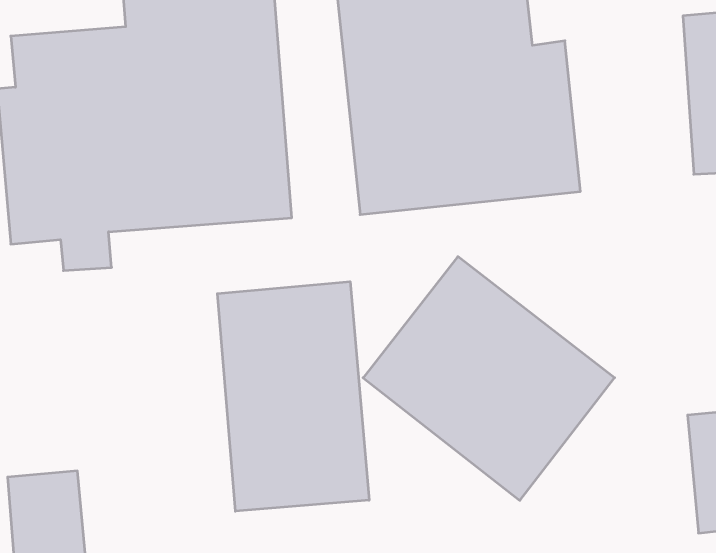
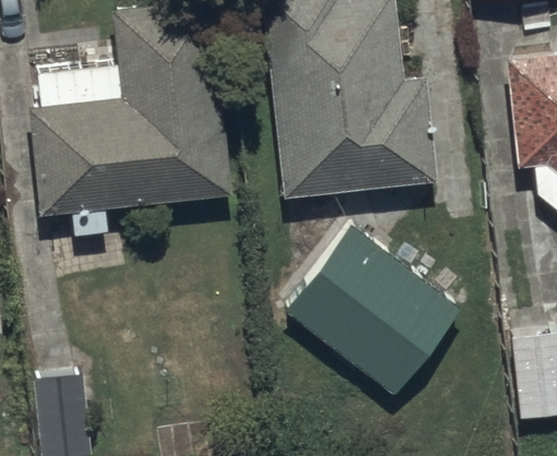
building: [217,282,369,511] -> none

